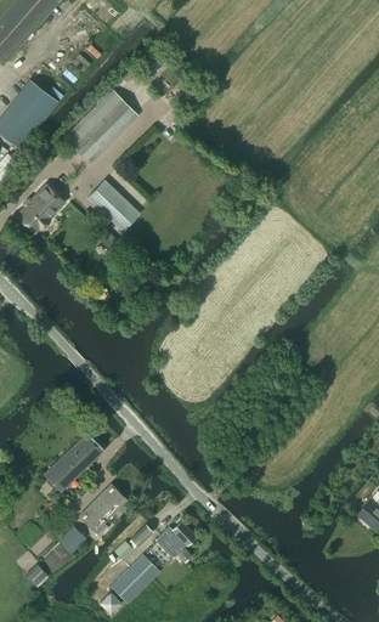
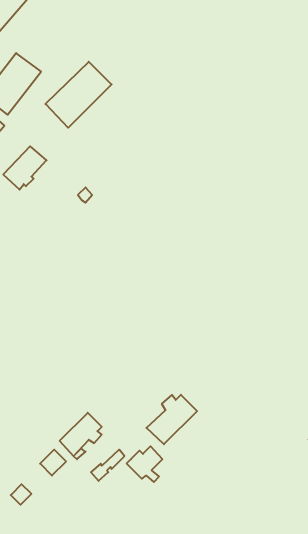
building: [86,180,140,232] -> none
building: [44,432,103,492] -> none
building: none -> [146,395,197,444]
building: [111,554,159,604] -> none

